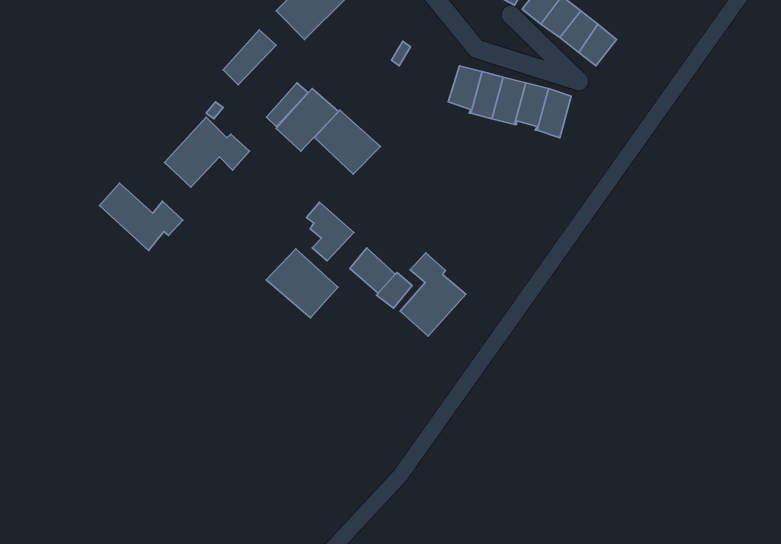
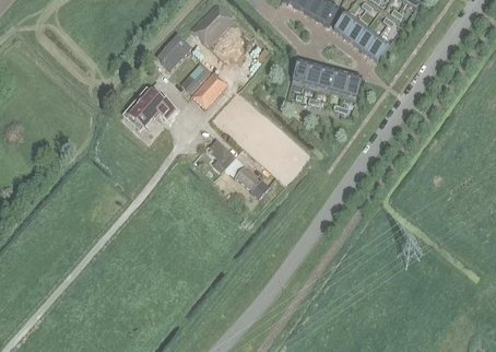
building: [315,110,381,174] -> none
building: [99,183,183,251] -> none
building: [266,249,338,318] -> none
building: [400,253,466,336] -> none

